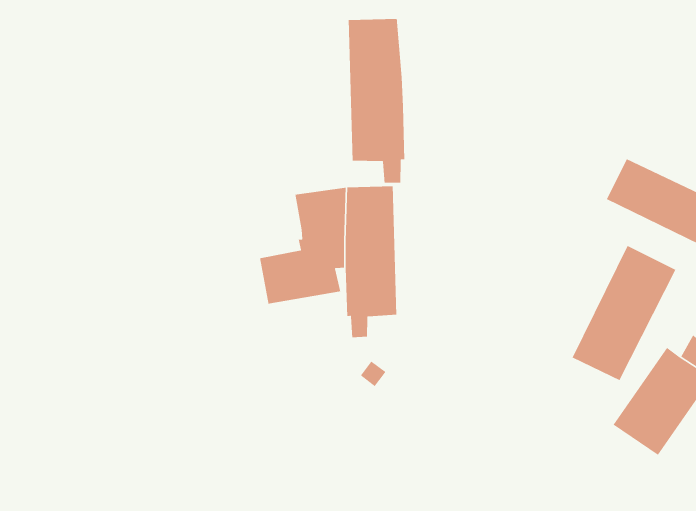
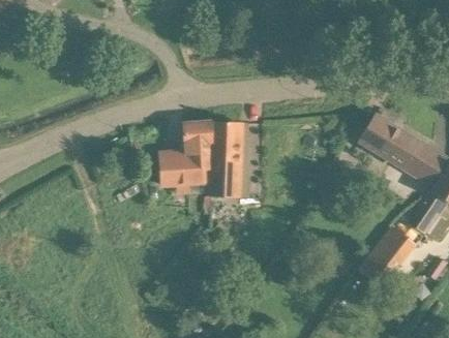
building: [348,18,405,184] -> none
building: [572,245,676,381] -> none

